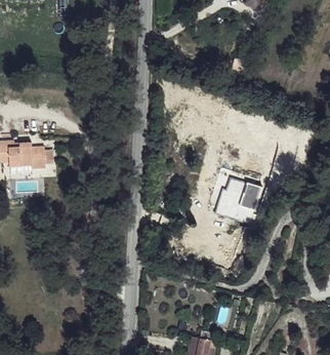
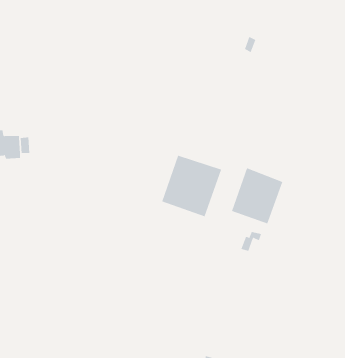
building: none -> [162,155,222,217]

